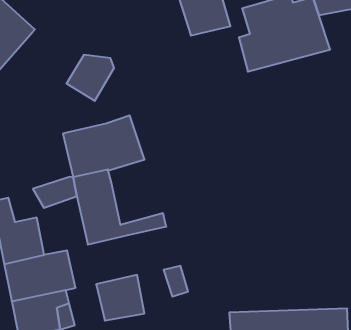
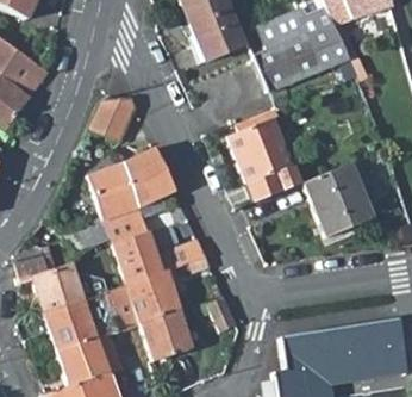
building: none -> [229,119,292,203]
building: none -> [299,165,372,240]
building: none -> [107,271,181,330]

